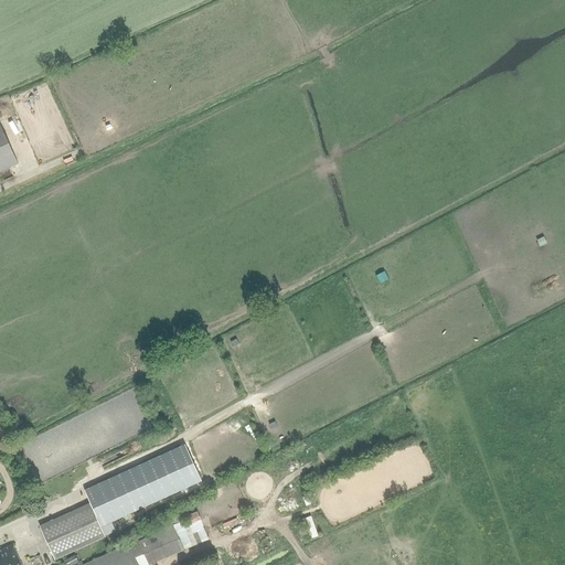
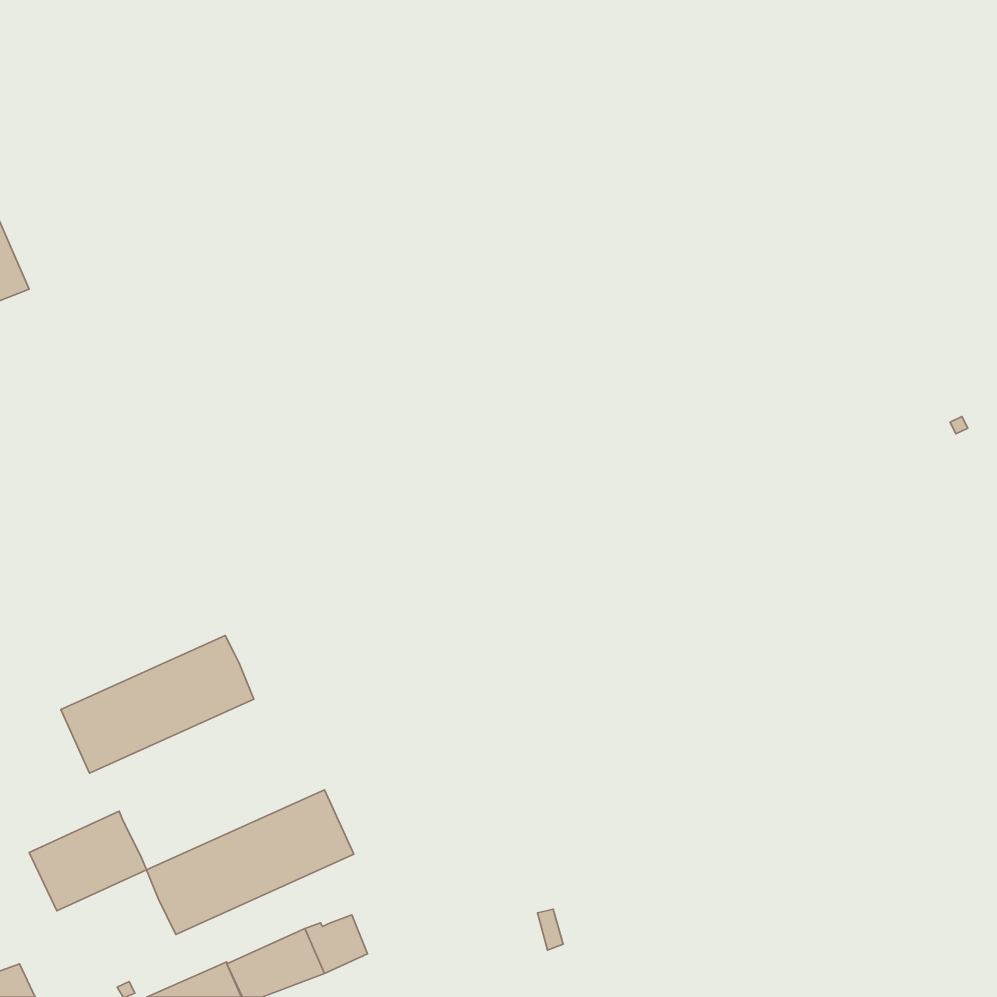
building: none -> [61,635,254,773]
building: [36,502,103,558] -> [29,811,147,911]

